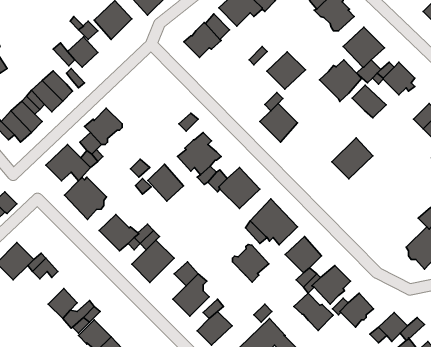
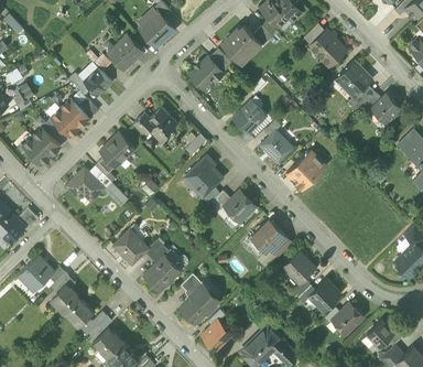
building: [267,52,305,89] -> [232,100,268,134]
building: [320,60,361,101] -> none
building: none -> [133,109,176,141]
building: [352,85,386,118] -> none
building: [332,138,373,179] -> [288,151,325,188]
building: [148,164,183,201] -> none
building: [64,177,107,219] -> none
building: [232,244,269,282] -> none
building: none -> [51,283,80,313]
building: [294,293,333,331] -> none

